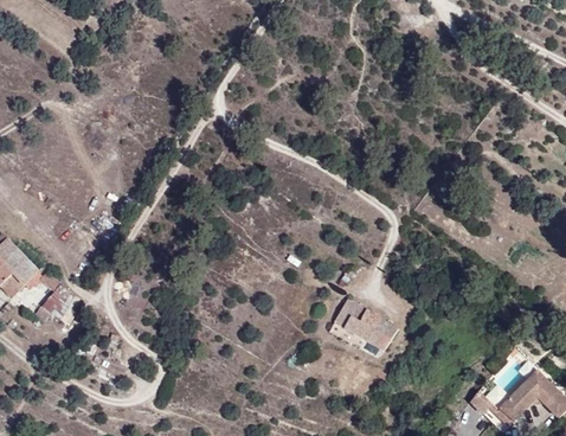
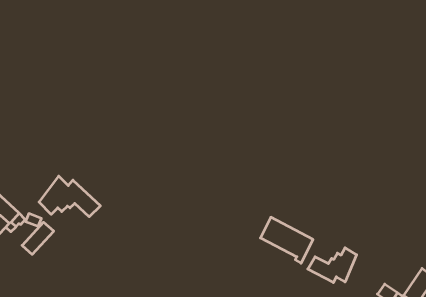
building: none -> [39,176,100,217]
building: none -> [308,248,357,283]

